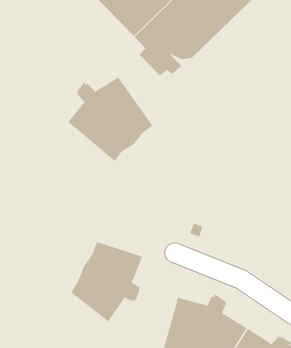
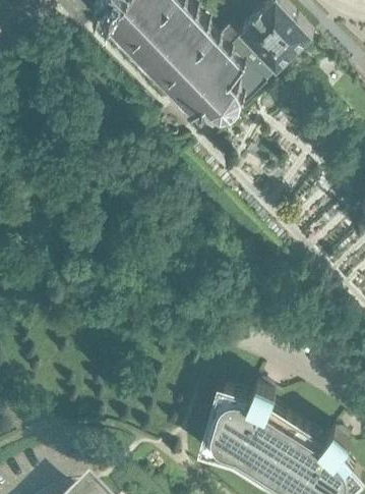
building: [67,77,153,162] -> none
building: [70,241,143,322] -> none

